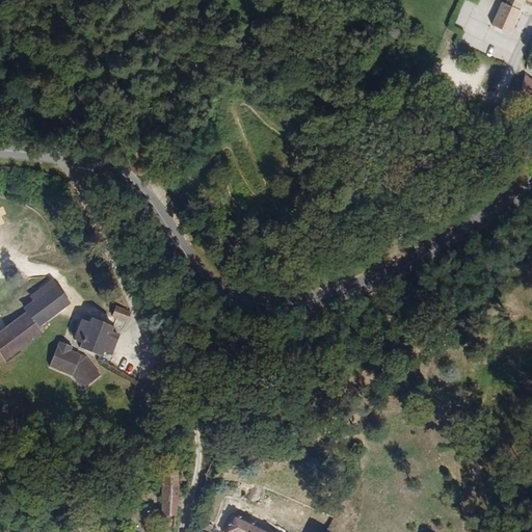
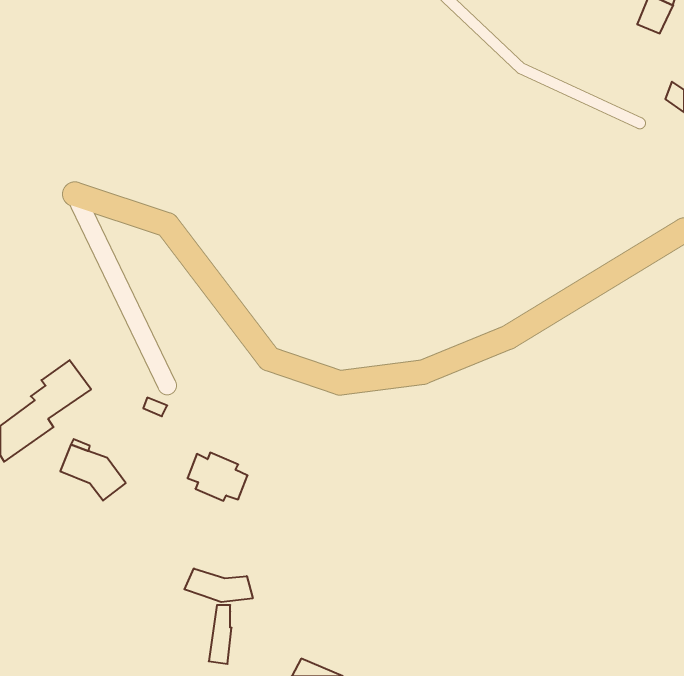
building: [73,319,119,356] -> [187,453,248,501]
building: none -> [184,568,253,602]

